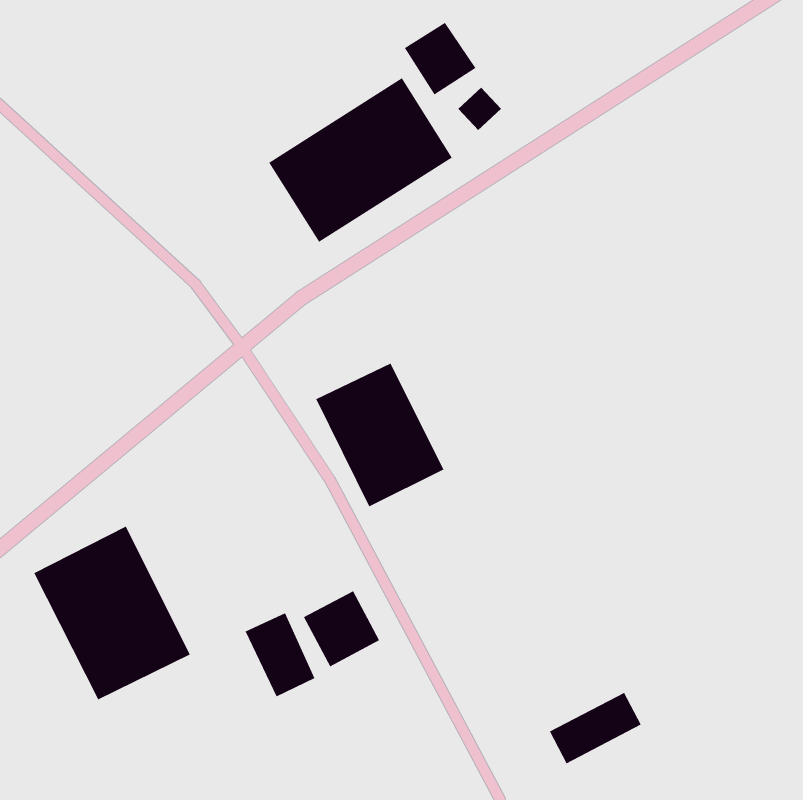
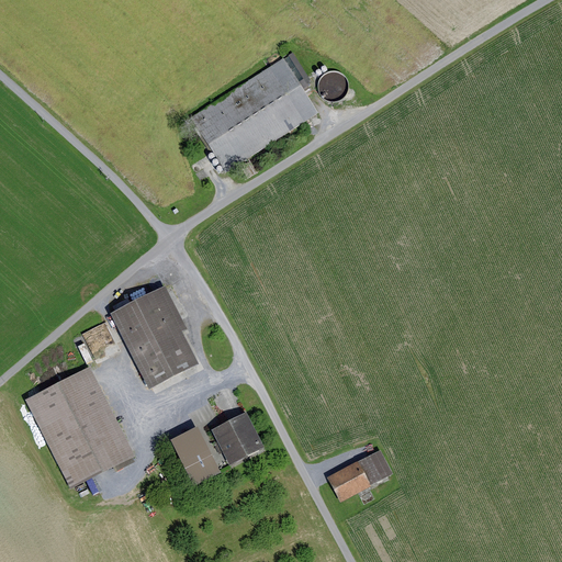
building: [404,22,477,96] -> none
building: [315,362,444,508] -> [111,288,201,389]
building: [549,692,642,764] -> [328,450,393,501]

